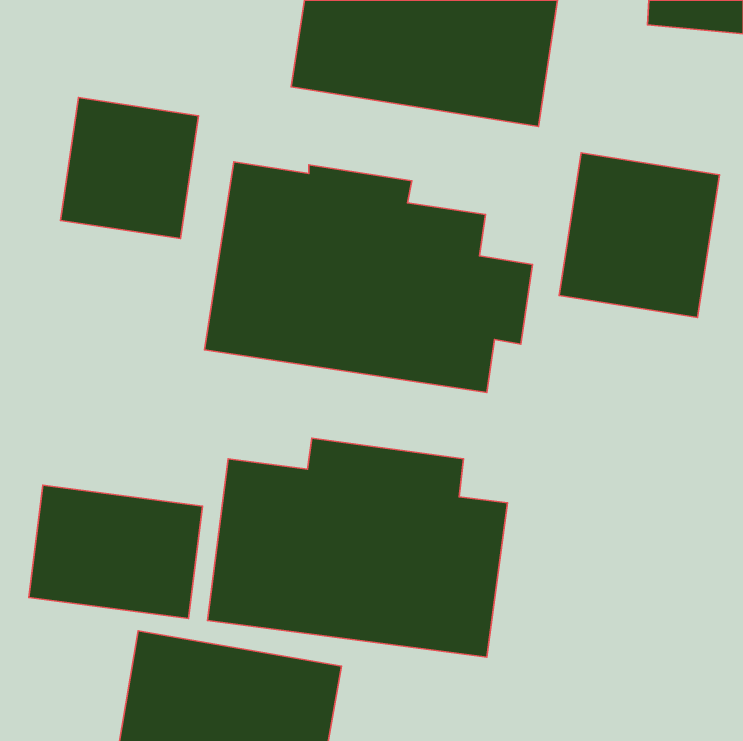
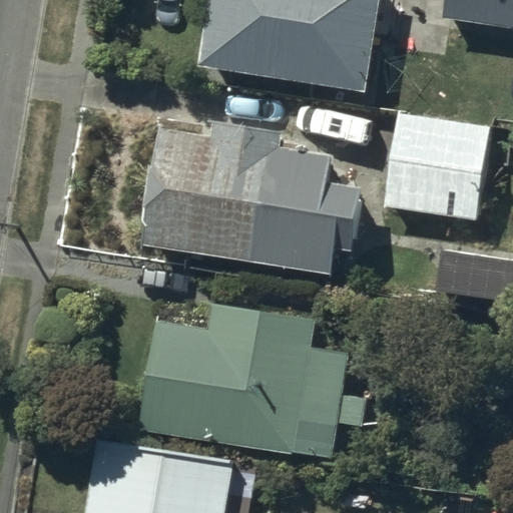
building: [61,98,198,238] -> none
building: [29,485,203,619] -> none

